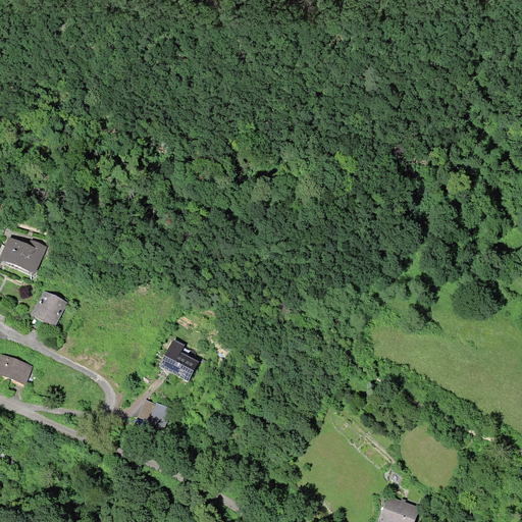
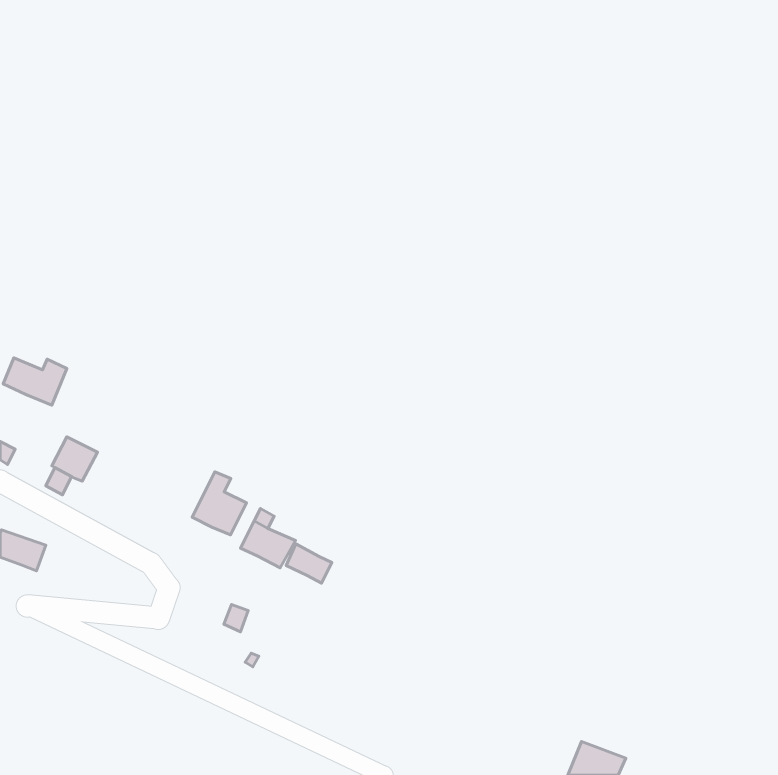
building: none -> [192,472,247,535]
building: none -> [286,544,332,583]

